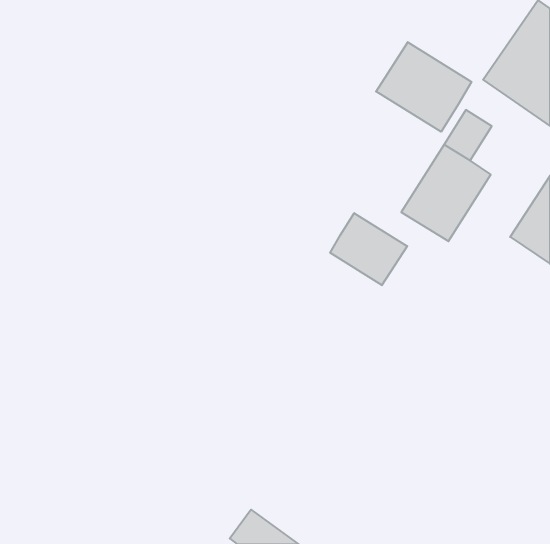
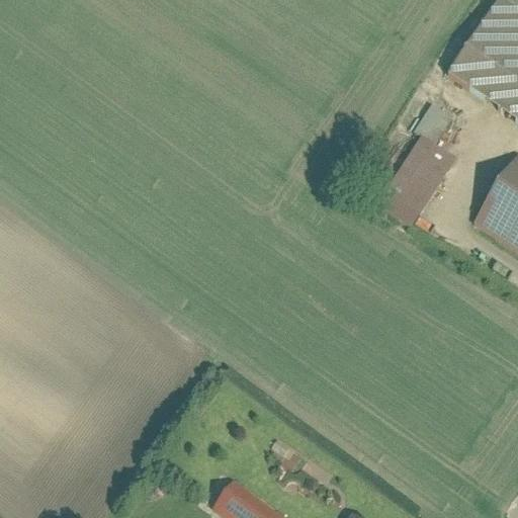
building: [376,42,471,132] -> none
building: [330,213,407,285] -> none

